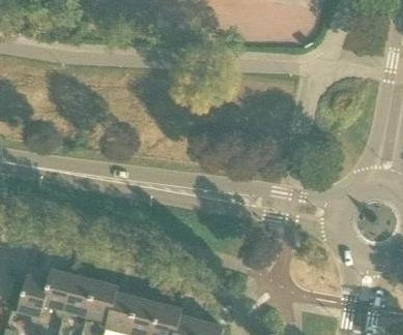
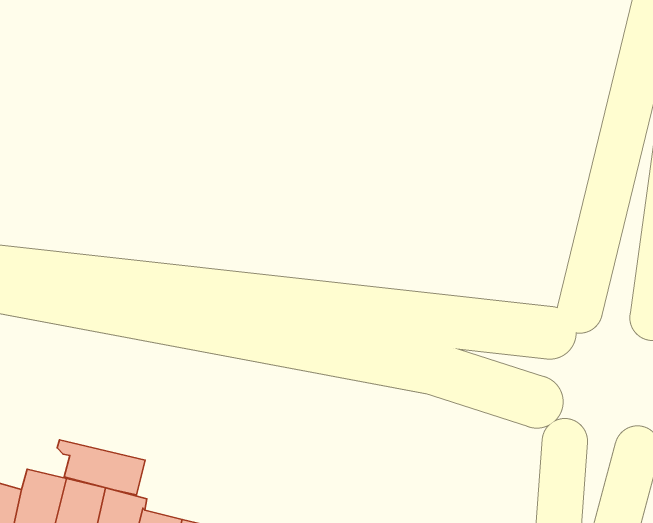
building: none -> [57,440,145,495]

